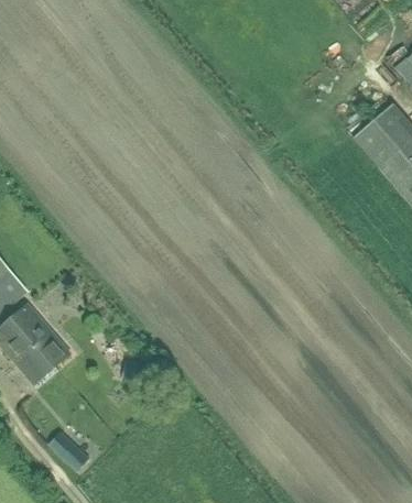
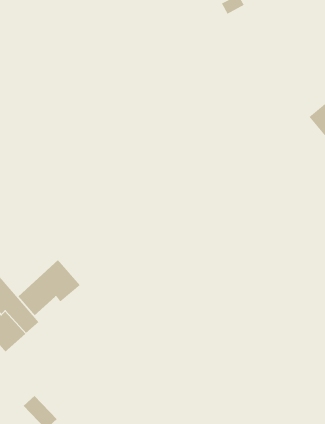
building: none -> [18,259,81,316]

